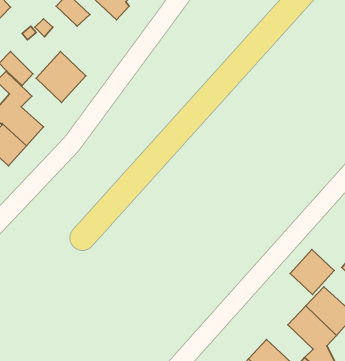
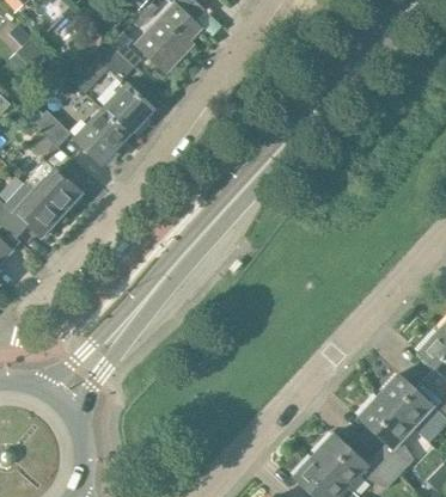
building: none -> [102,82,154,135]
building: [290,250,334,294] -> none

